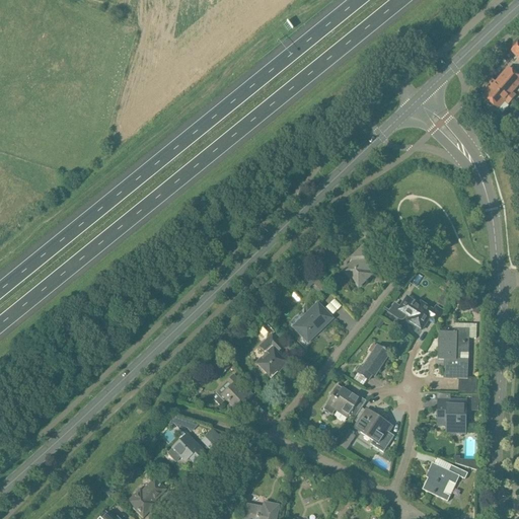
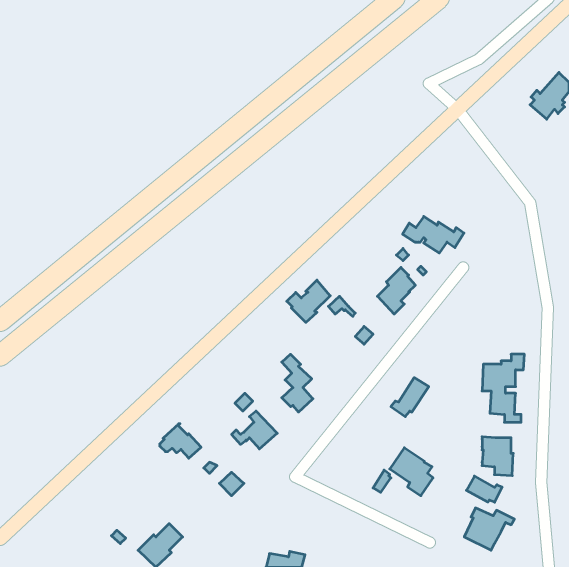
building: [388,295,444,328] -> [403,216,464,253]
building: [290,302,329,341] -> [287,280,330,322]
building: [323,383,367,420] -> none
building: [169,433,207,464] -> [160,424,201,458]
building: none -> [466,476,502,502]

